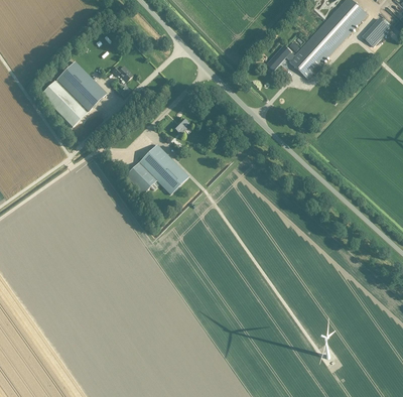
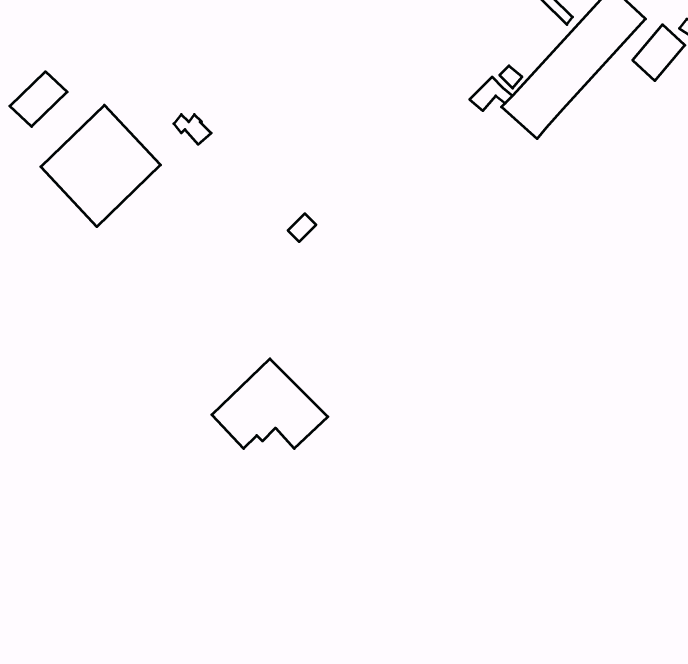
building: none -> [10,72,67,127]
building: [126,144,188,192] -> [212,359,328,449]

